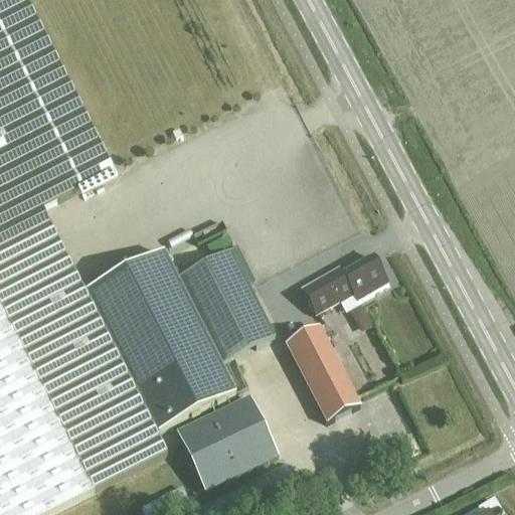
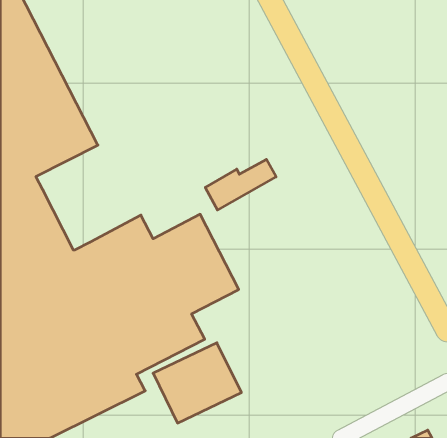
building: [302,252,383,311] -> [205,159,276,210]
building: [285,322,360,418] -> none

